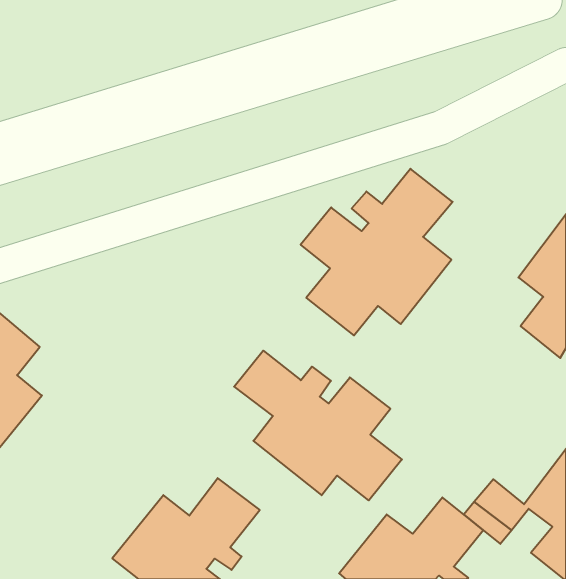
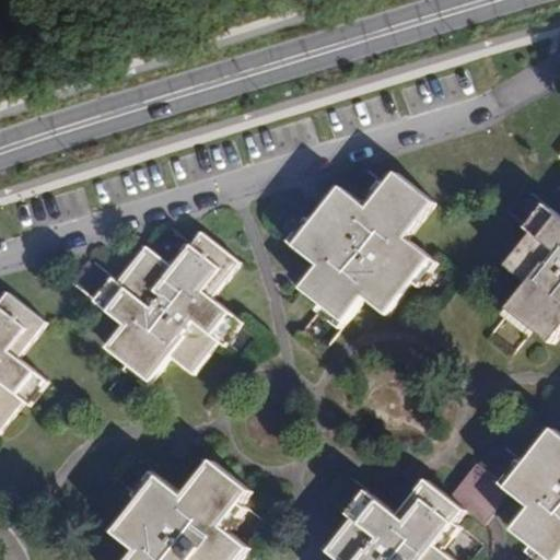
building: none -> [96,226,238,384]
building: [234,351,402,500] -> none

